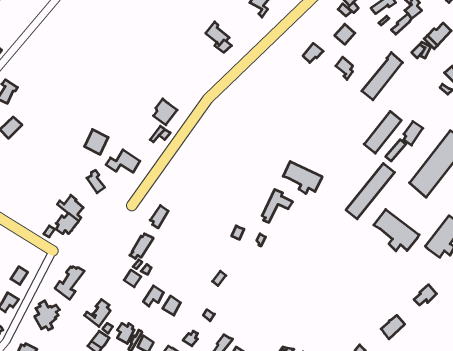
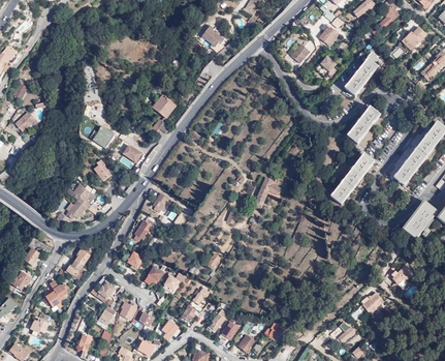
building: [283,161,322,194] -> none
building: [374,209,419,251] -> none

